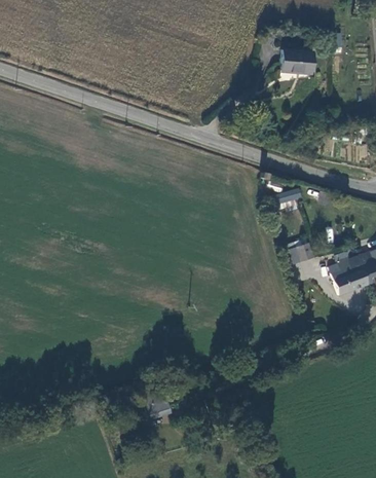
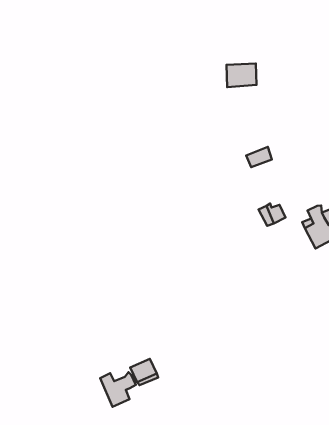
building: [280,50,311,73] -> [227,64,256,87]
building: none -> [100,372,136,407]

